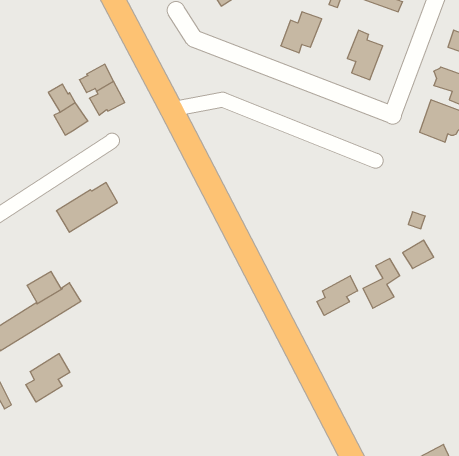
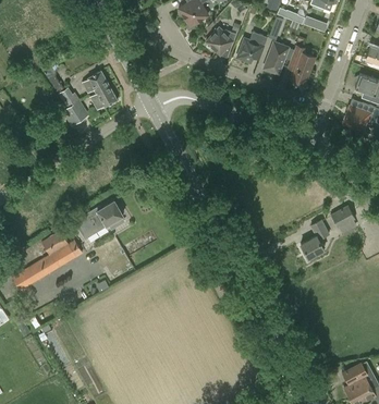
building: none -> [206,27,236,58]
building: none -> [264,41,294,74]
building: [56,183,117,232] -> [75,200,122,238]
building: [317,276,358,315] -> none
building: [26,354,70,402] -> none

